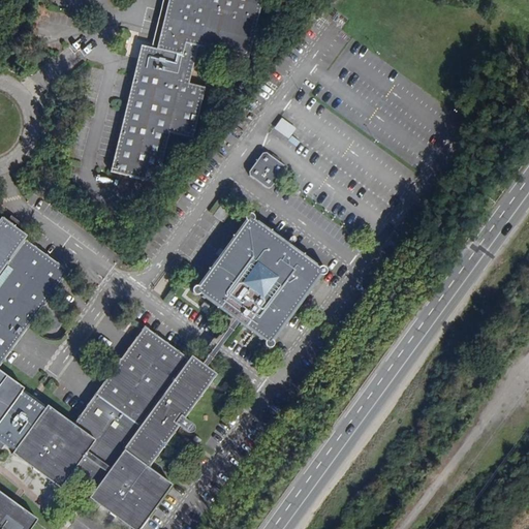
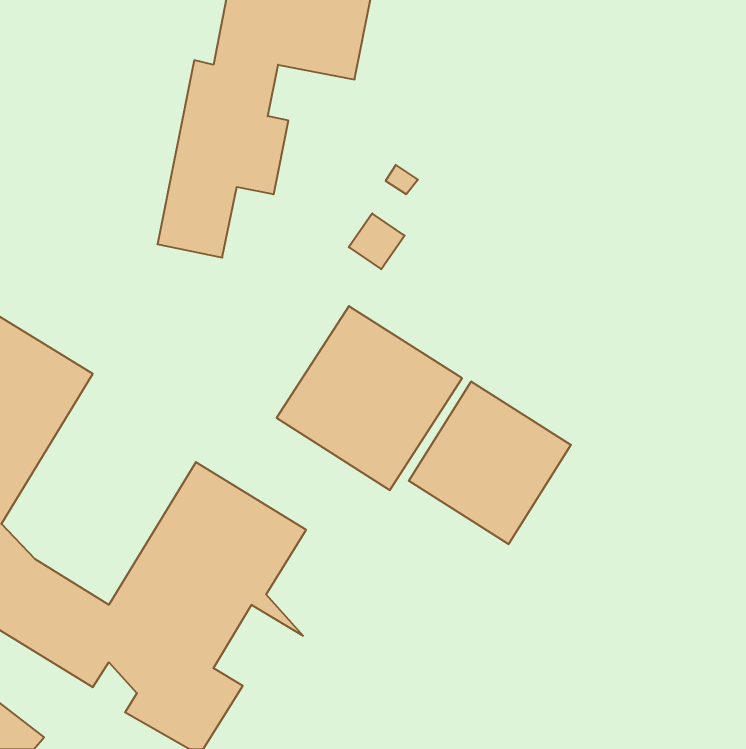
building: none -> [409,381,571,544]

